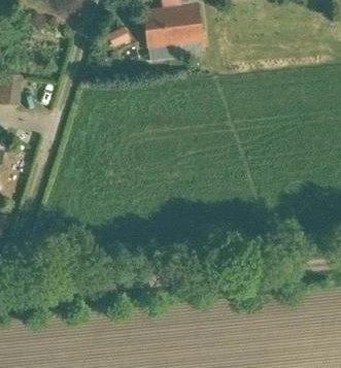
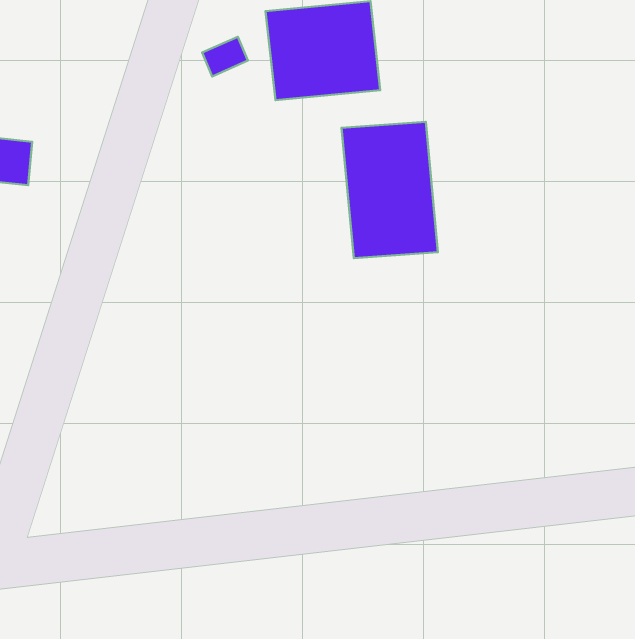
building: none -> [342,122,438,258]

